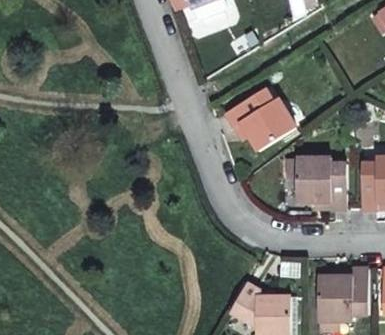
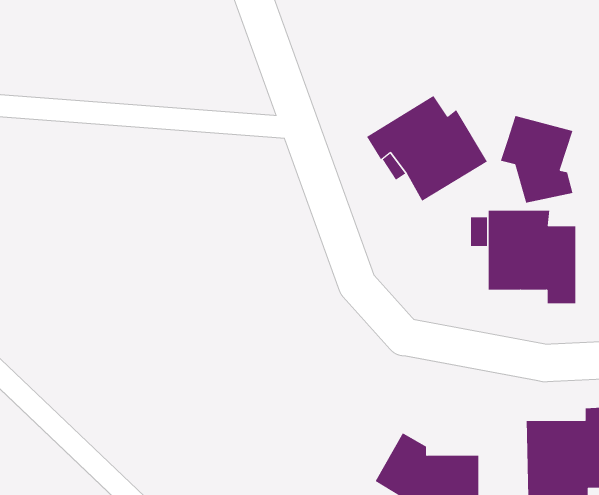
building: none -> [500,115,573,204]

